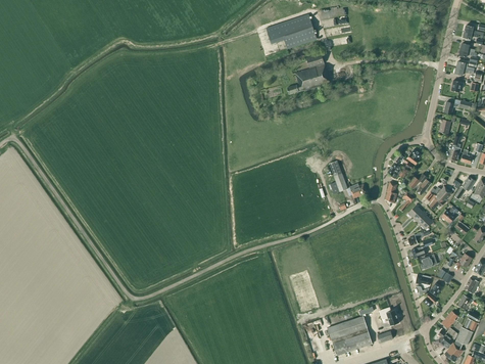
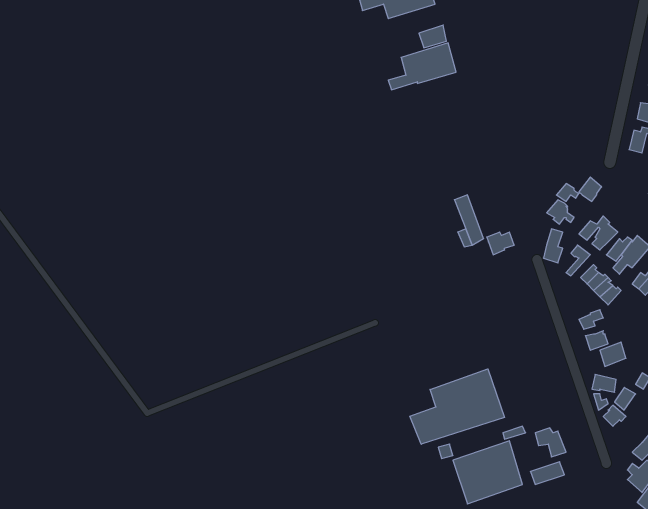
building: none -> [410,369,505,444]

